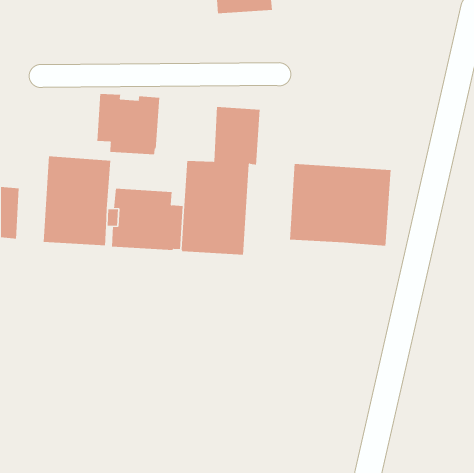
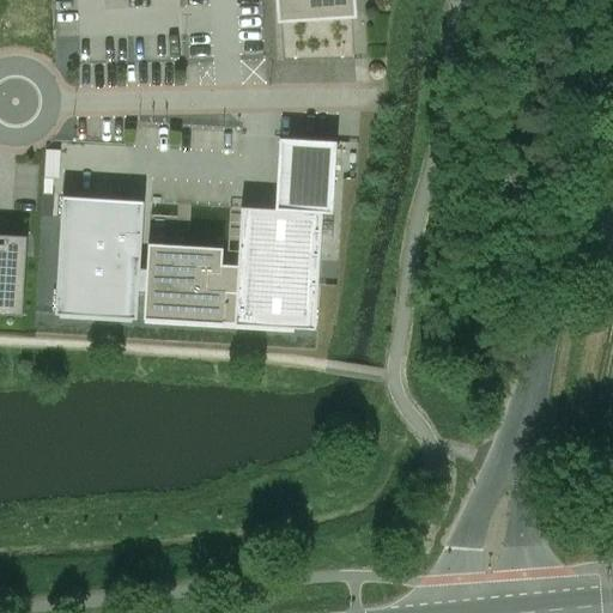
building: [97,93,160,155] -> none
building: [290,163,391,247] -> none

